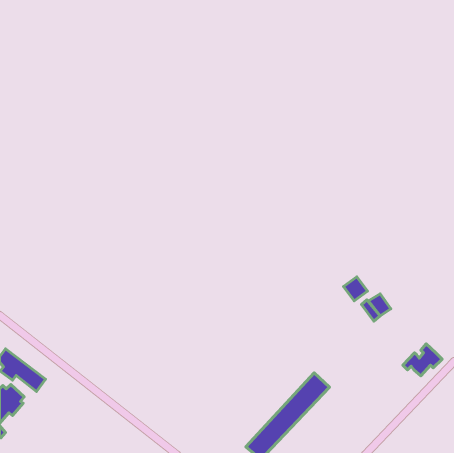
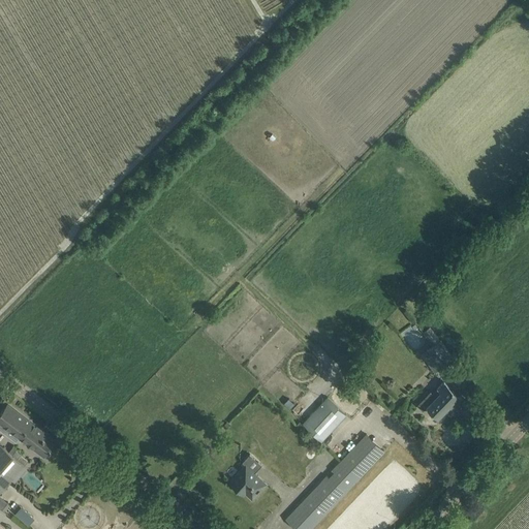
building: none -> [302,399,345,442]
building: [403,344,442,376] -> [416,382,462,419]
building: none -> [228,466,267,501]

